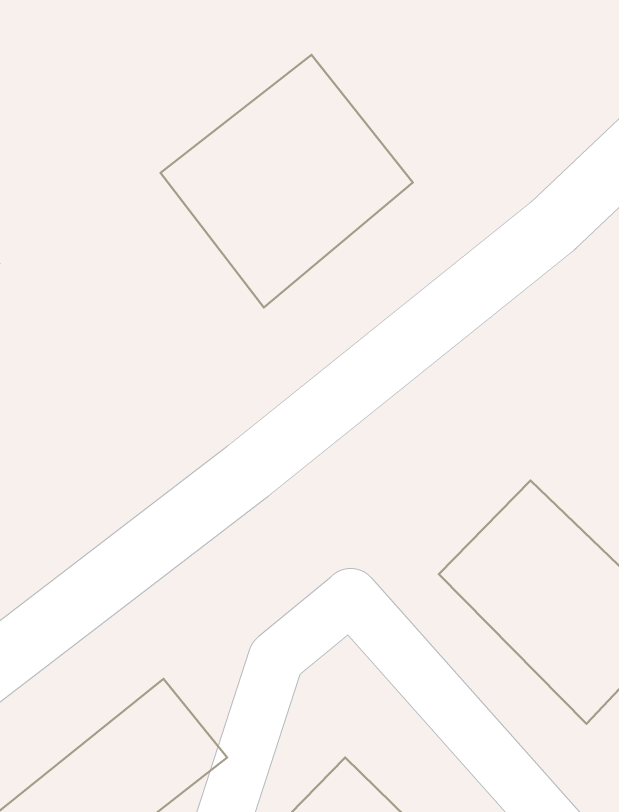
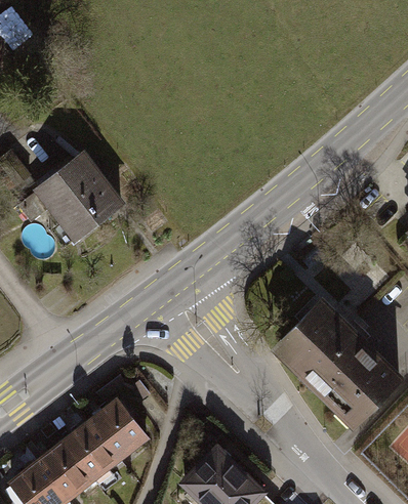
building: [160,55,413,307] -> none
building: none -> [34,154,127,248]

